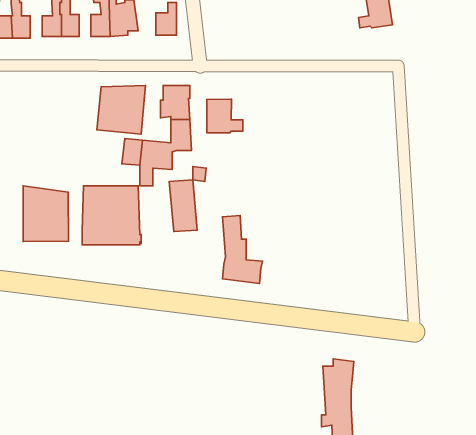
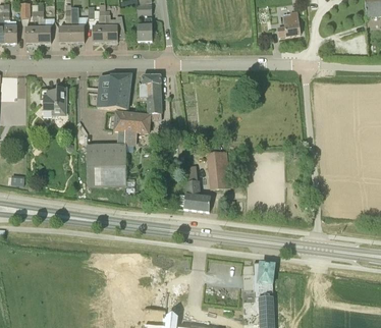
building: [207,99,243,133] -> none
building: none -> [40,88,66,114]
building: [169,180,197,232] -> [209,151,228,186]
building: [23,186,69,242] -> none

